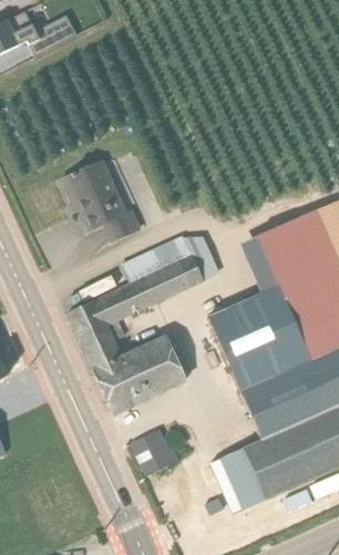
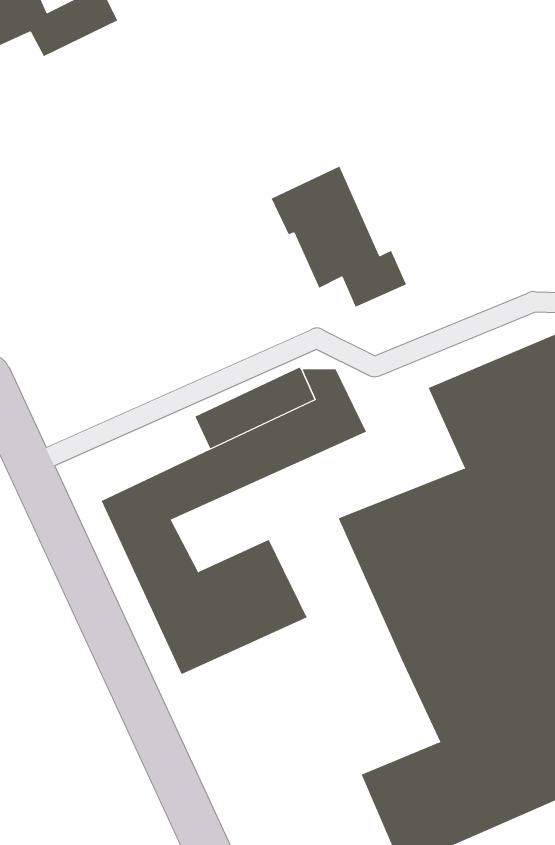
building: [60,158,138,240] -> [271,166,407,308]
building: [129,428,177,474] -> none

